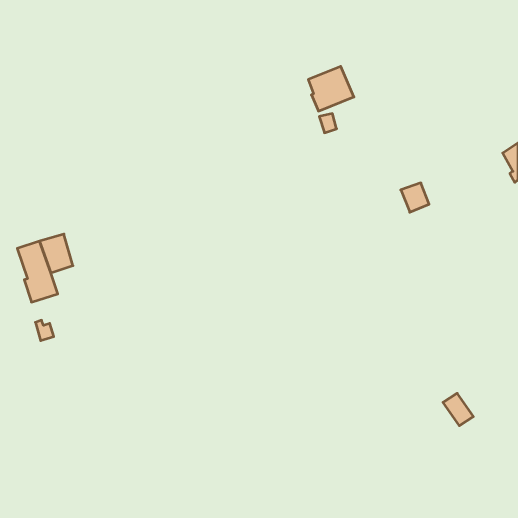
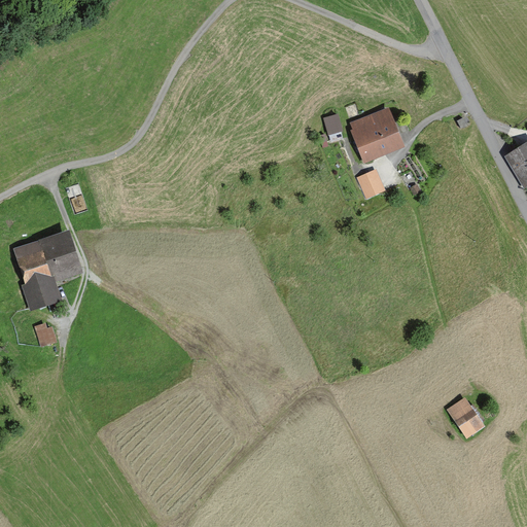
building: [308,66,354,111] -> [352,111,398,156]
building: [401,183,429,212] -> [358,169,387,199]

